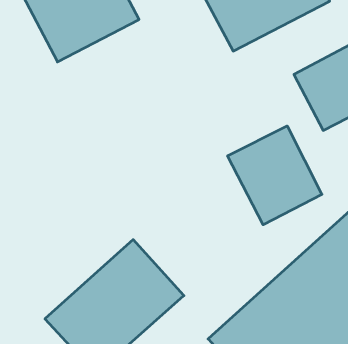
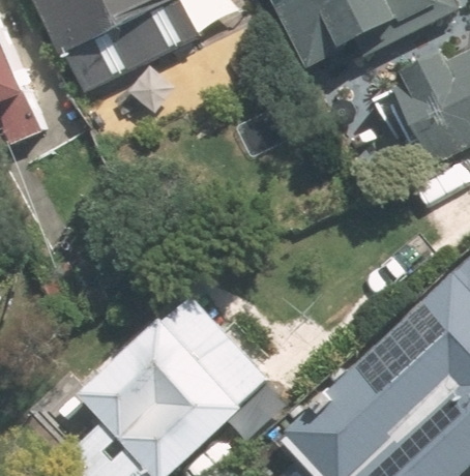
building: [228,126,322,225] -> none

